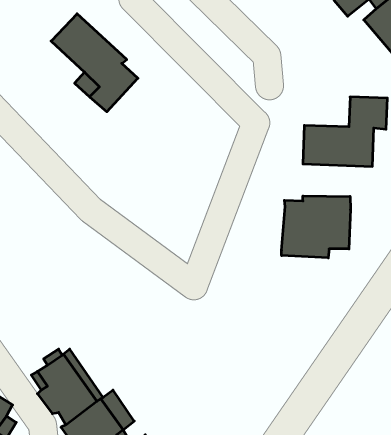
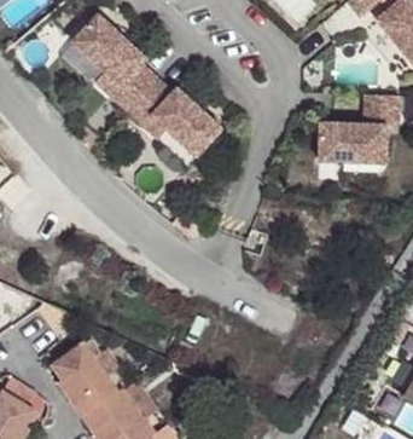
building: none -> [126,77,220,156]
building: [282,196,350,258] -> none

